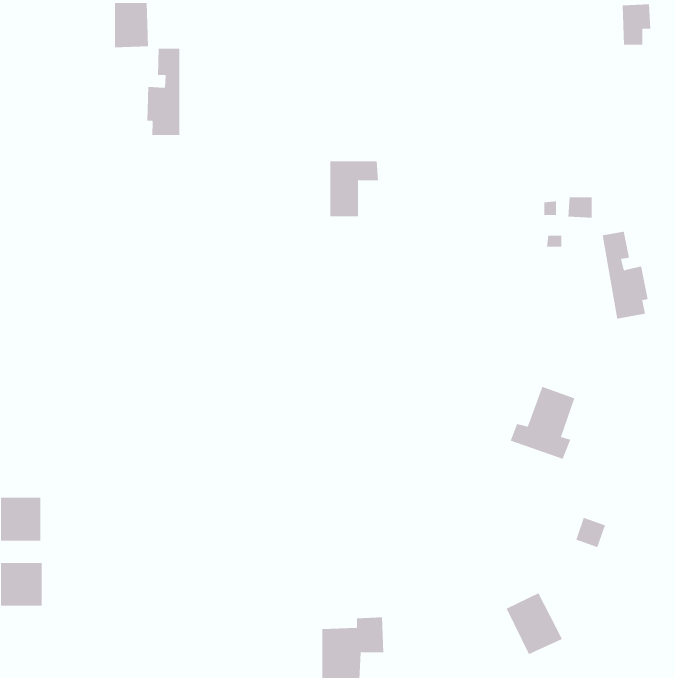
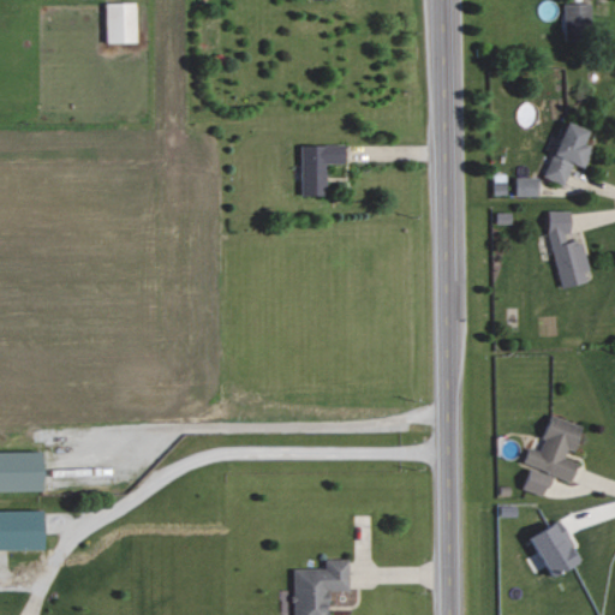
building: [147,48,180,136] -> none
building: none -> [547,124,593,186]
building: [510,386,575,459] -> [524,414,583,480]
building: [506,592,563,655] -> [530,520,581,577]

